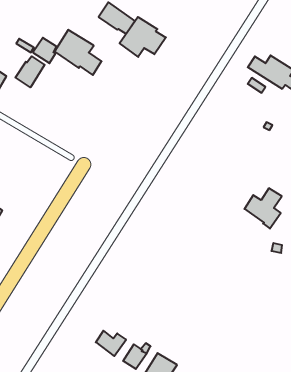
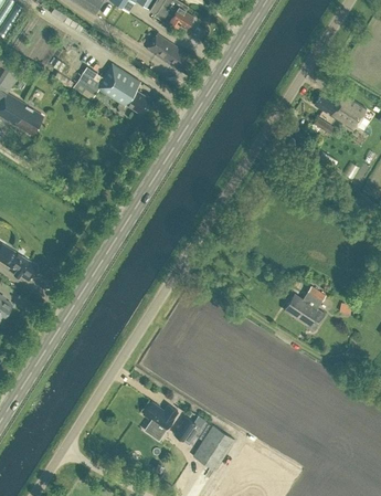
building: [120,17,166,57] -> none
building: [15,56,45,87] -> none
building: [244,188,282,229] -> [284,286,326,331]

